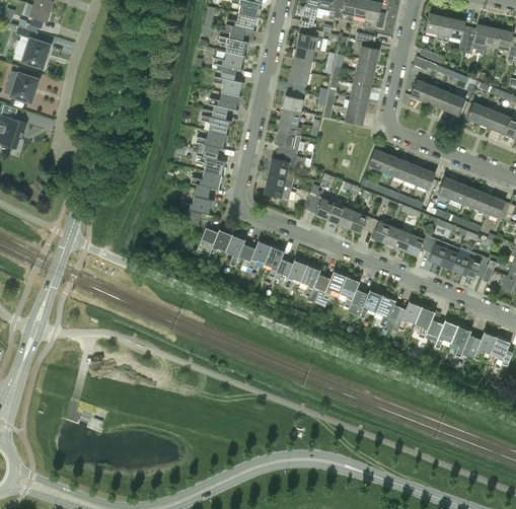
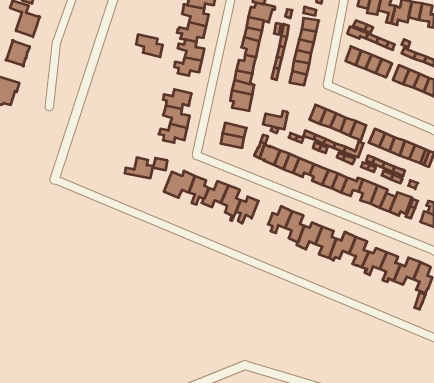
building: [201,108,232,135] -> [136,35,163,57]
building: [269,154,298,175] -> [263,111,288,129]
building: [181,190,215,214] -> [125,158,153,178]
building: [300,262,324,302] -> none

